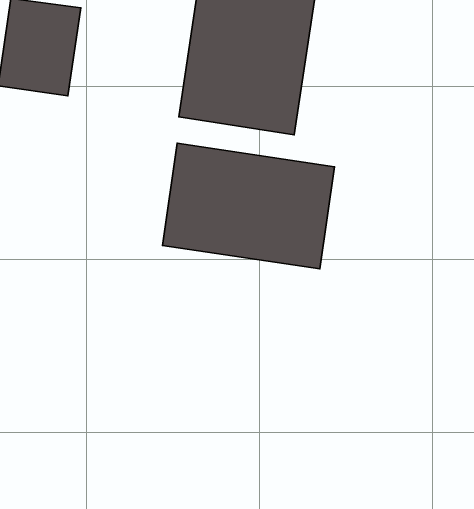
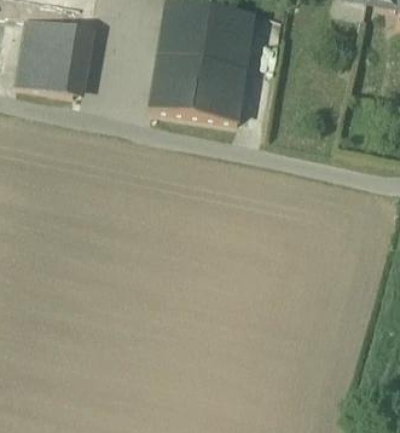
building: [163,143,334,269] -> none

